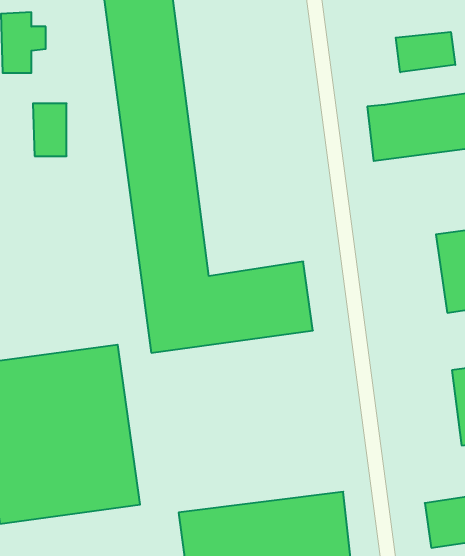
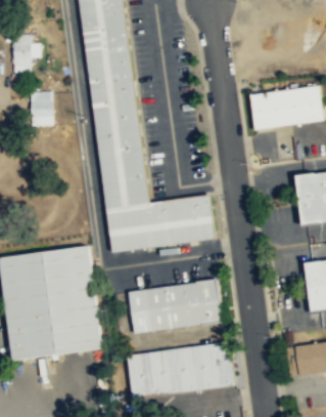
building: [396,32,455,72] -> none
building: none -> [129,280,223,336]

